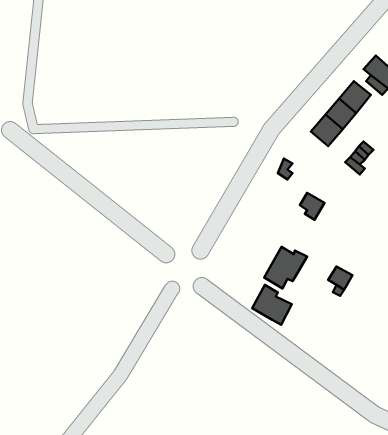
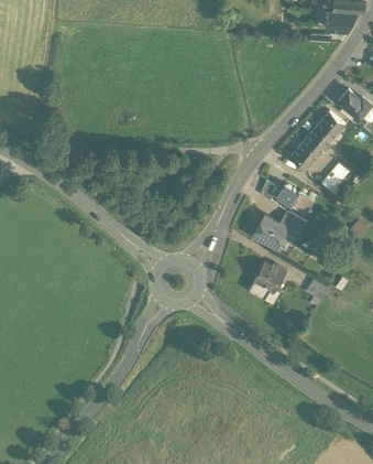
building: none -> [279,185,310,214]
building: none -> [254,215,287,248]
building: [252,285,292,325] -> none

